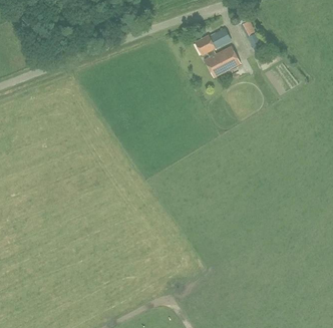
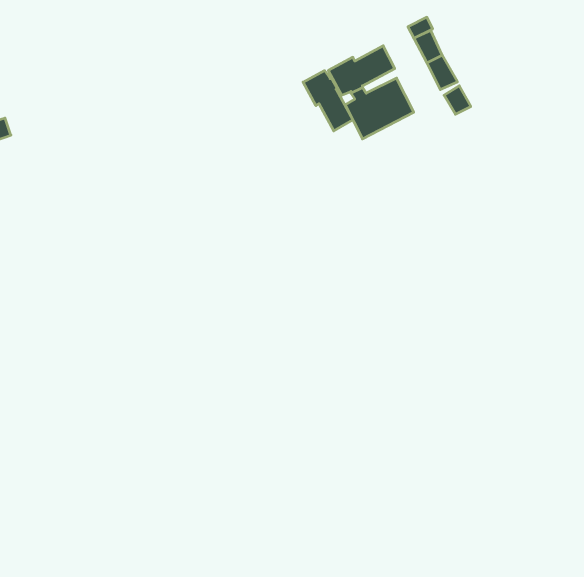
building: none -> [303,71,353,131]

